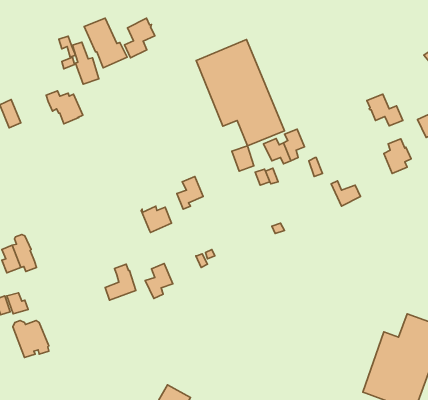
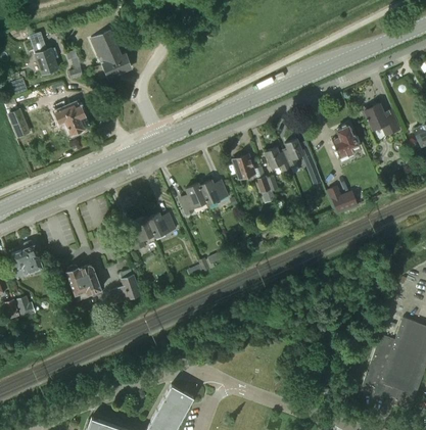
building: [124,18,155,58] -> none
building: [196,39,285,146] -> none
building: [72,42,99,84] -> [33,33,58,74]
building: [384,139,411,174] -> [333,126,360,159]
building: none -> [198,180,229,205]
building: [145,264,173,298] -> [128,217,154,250]
building: [13,320,49,357] -> [67,265,102,300]

